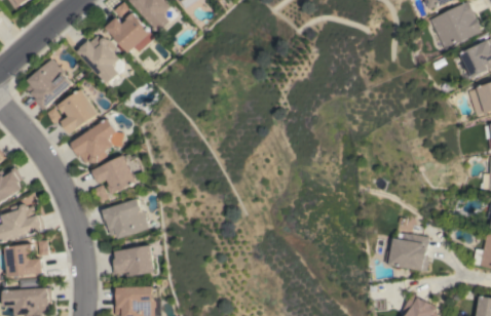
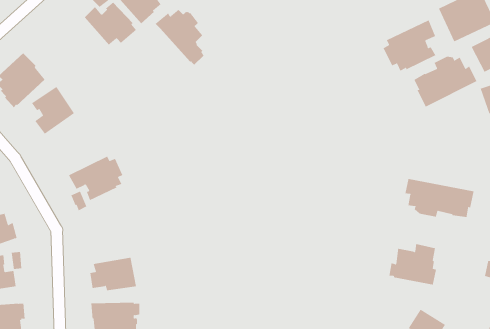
building: none -> [383,20,436,72]
building: [75,36,120,87] -> [155,9,204,65]
building: none -> [413,56,477,107]
building: [69,119,123,164] -> none
building: none -> [405,178,474,218]
building: [100,199,148,239] -> none

